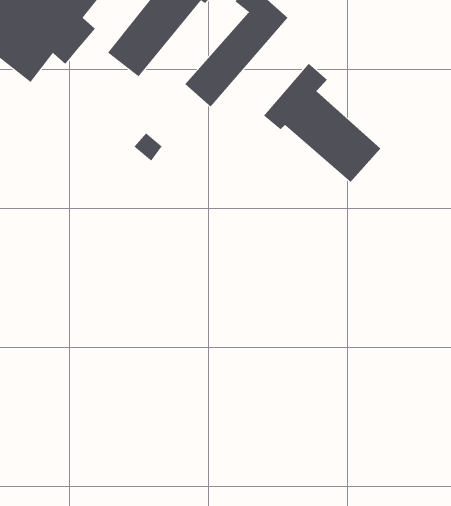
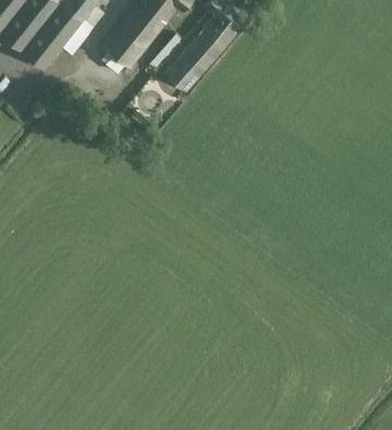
building: [263,63,381,183] -> none

